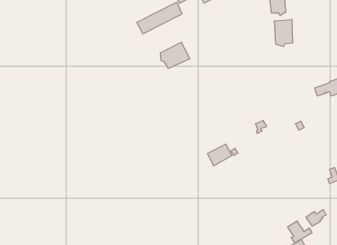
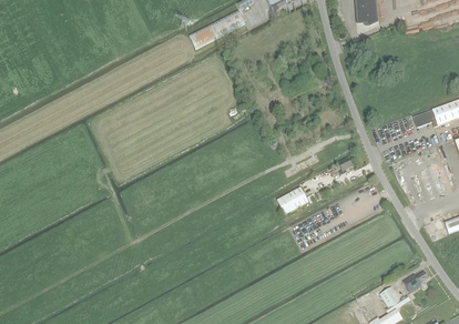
building: [274,19,293,47] -> none
building: [160,42,190,69] -> none

